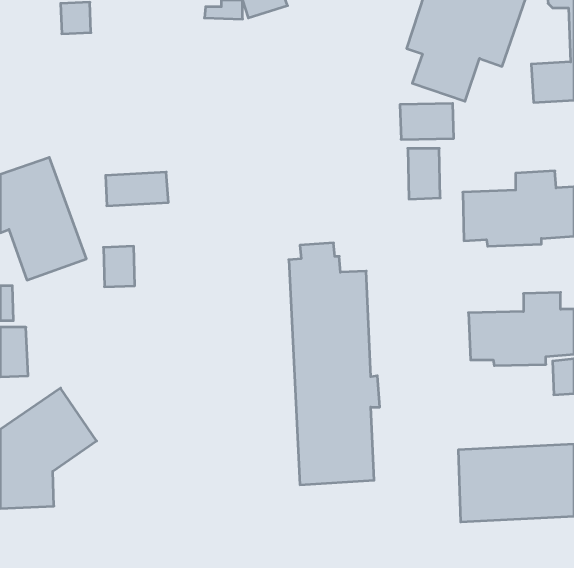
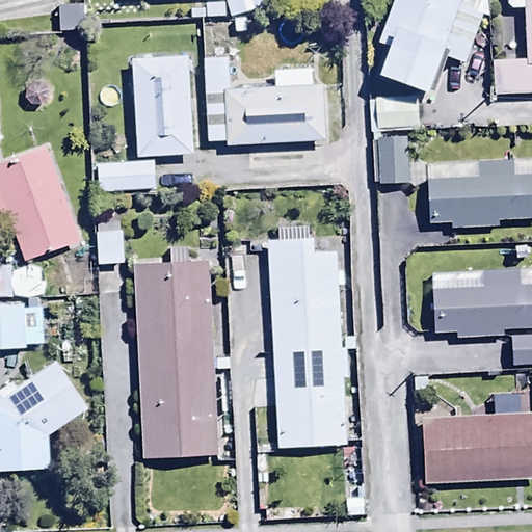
building: none -> [133,54,193,156]
building: none -> [205,54,345,144]
building: none -> [134,247,218,459]

